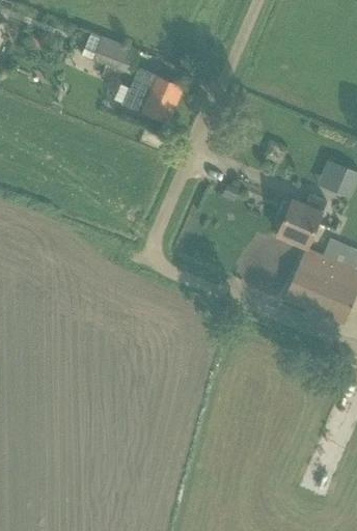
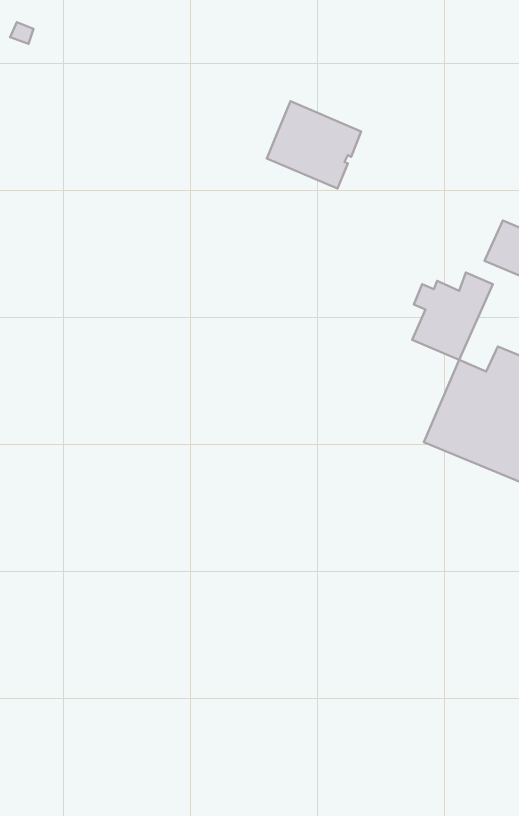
building: [94,37,138,72] -> none
building: [125,67,183,121] -> [267,101,361,189]

